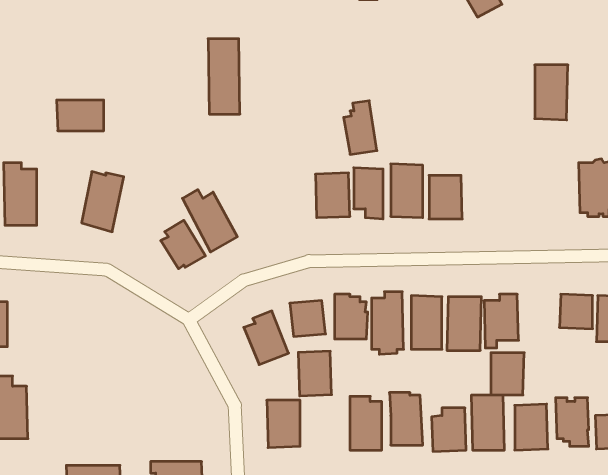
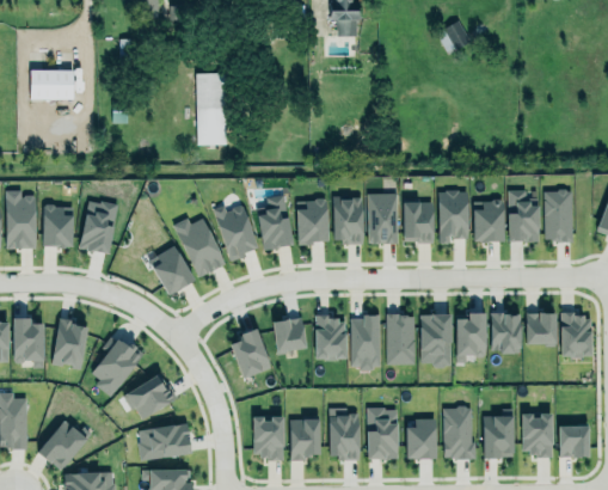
building: [535,65,568,120] -> [509,191,540,243]
building: [57,100,104,131] -> [30,71,74,99]
building: [344,101,377,154] -> [259,196,290,246]
building: none -> [438,191,469,244]
building: none -> [474,198,504,237]
building: none -> [211,202,254,259]
building: none -> [43,206,74,247]
building: none -> [51,316,90,368]
building: none -> [13,319,44,362]
building: none -> [91,336,145,397]
building: [298,351,332,396] -> [290,417,321,459]
building: [491,353,524,395] -> [491,313,522,353]
building: none -> [125,374,177,419]
building: none -> [39,416,88,467]
building: none -> [137,424,192,460]

